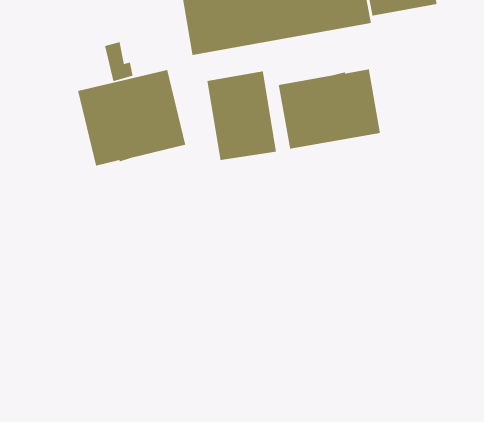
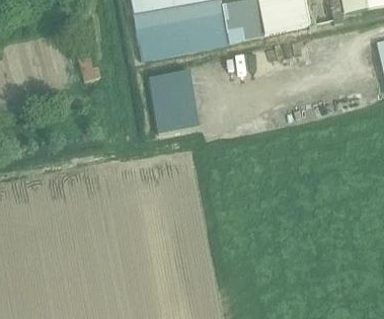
building: [278,69,381,149] -> none
building: [77,69,186,167] -> none

